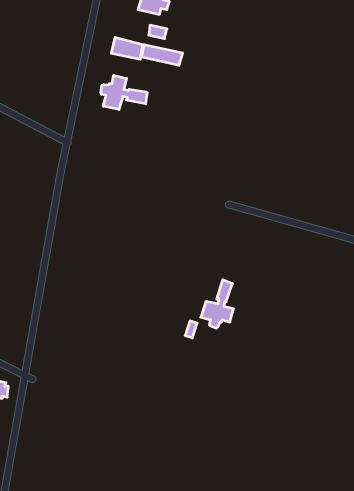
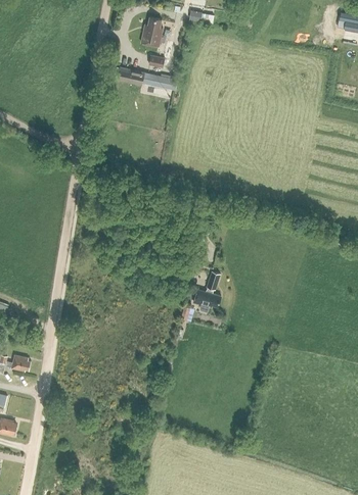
building: [101,75,147,110] -> none

